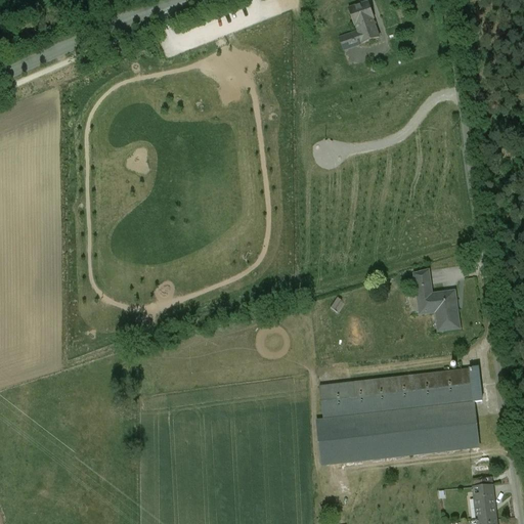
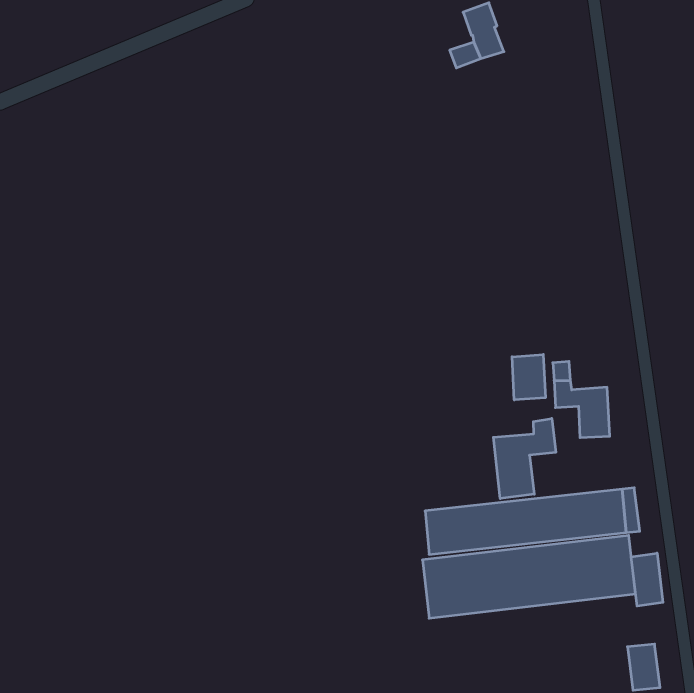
building: none -> [512,354,545,400]
building: none -> [493,418,556,499]
building: none -> [631,553,663,606]

